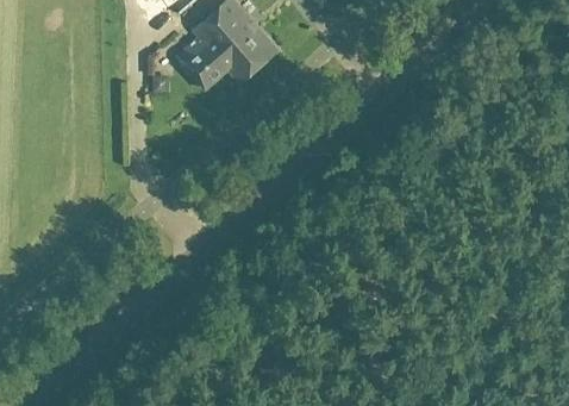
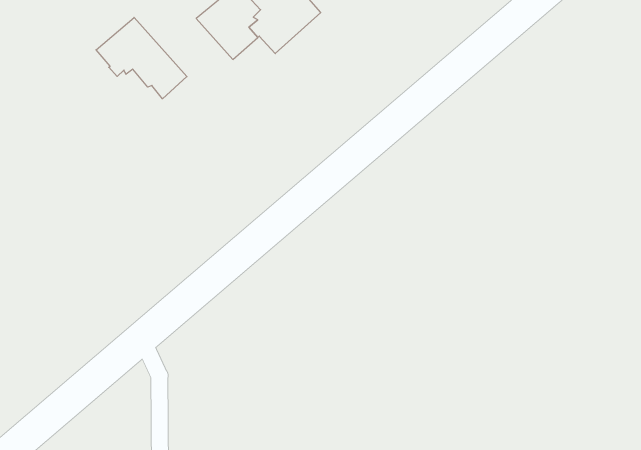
building: none -> [96,17,187,99]

